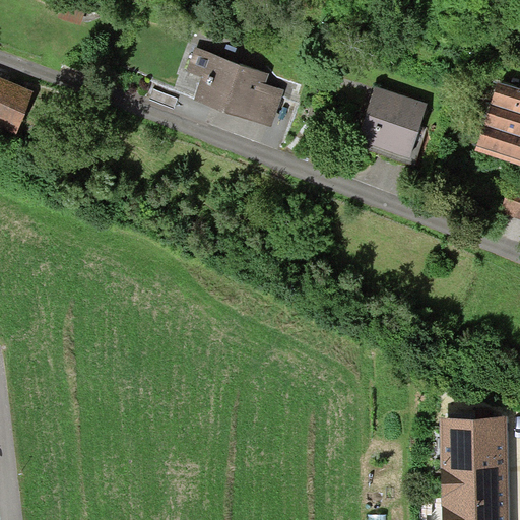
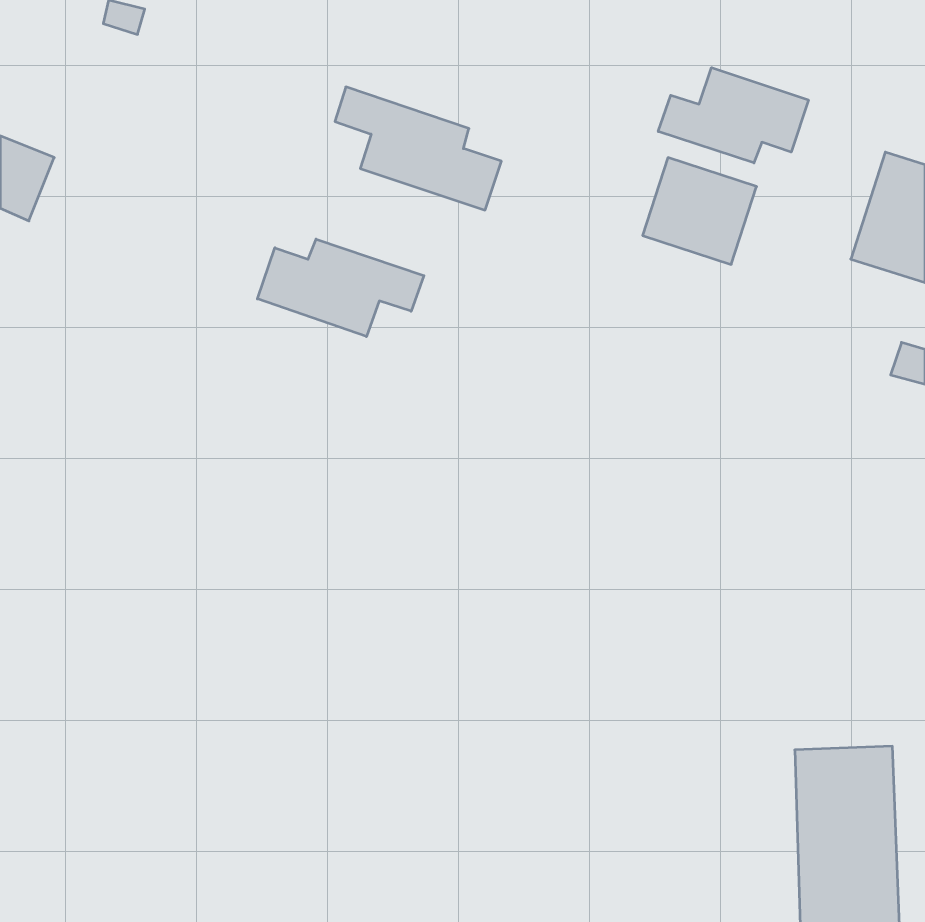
building: none -> [658,68,808,163]
building: none -> [257,239,424,337]

